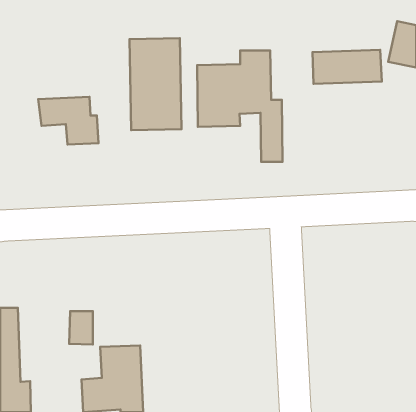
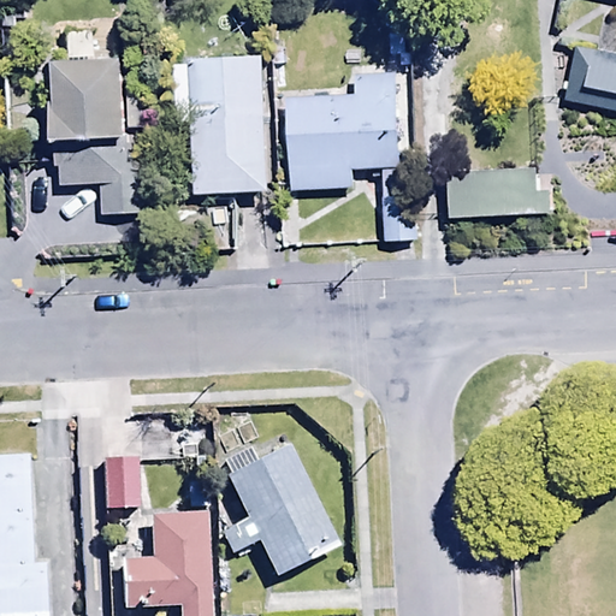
building: none -> [53,55,131,140]
building: [313,50,382,84] -> [451,167,553,218]
building: none -> [219,431,337,580]

